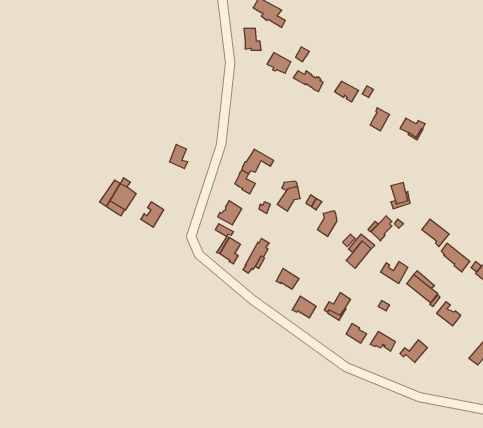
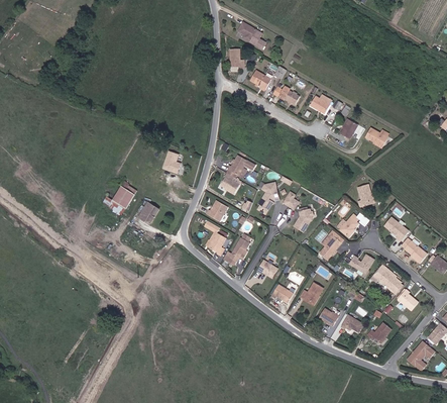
building: none -> [407,341,435,371]

